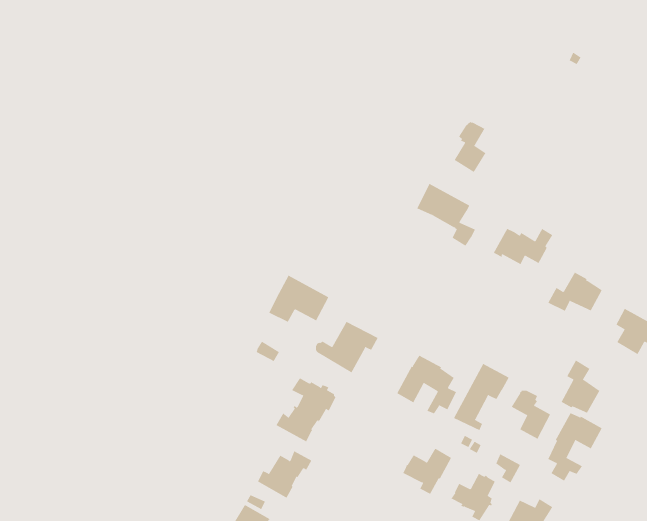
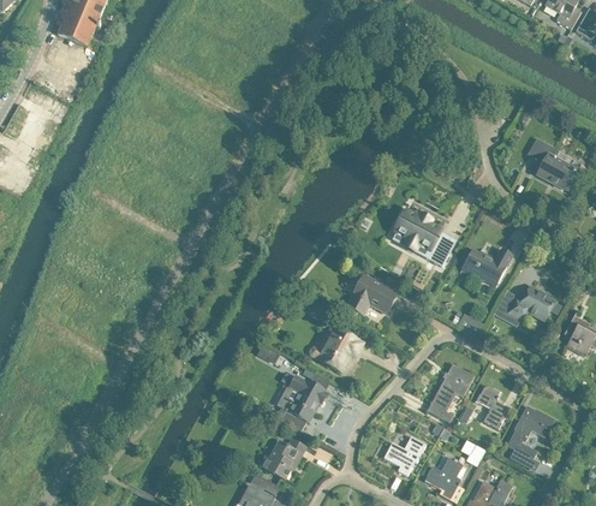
building: none -> [528,137,576,187]
building: [453,121,486,173] -> none
building: [268,275,329,323] -> [346,273,398,314]
building: [397,355,457,414] -> none
building: [561,359,600,414] -> none

